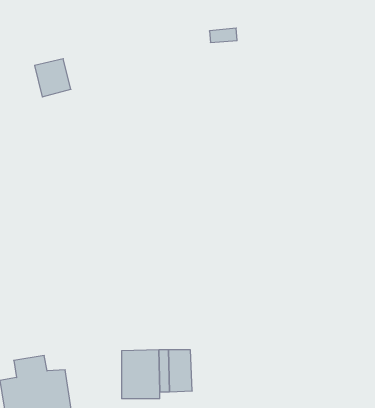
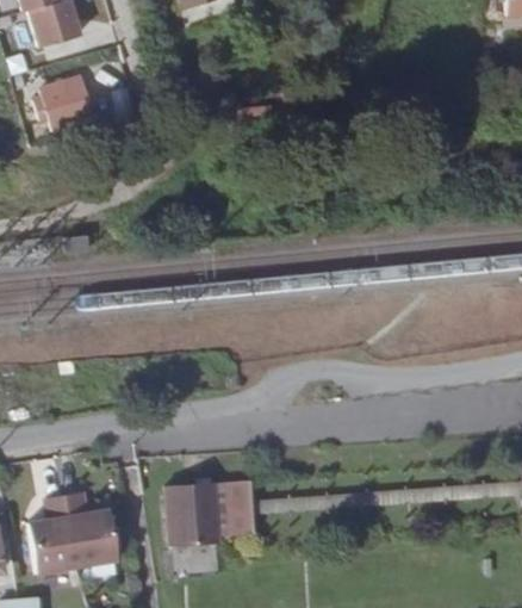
building: [35,59,71,97] -> [45,72,91,119]

